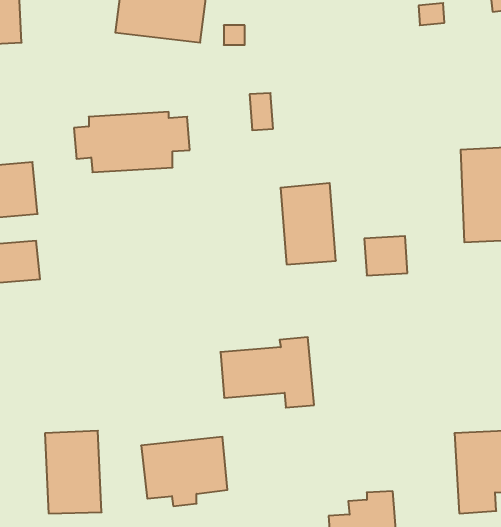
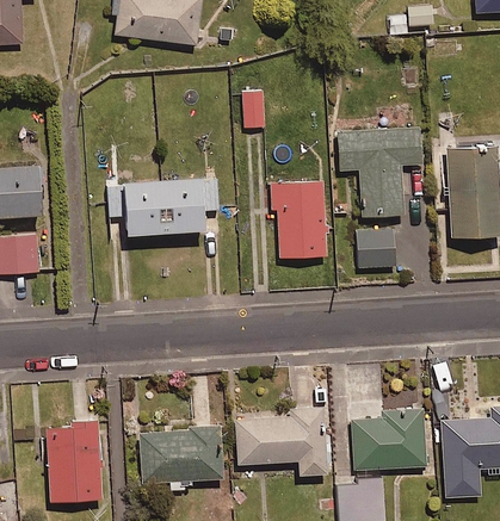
building: [74,112,190,172] -> [107,178,220,236]
building: none -> [338,126,420,217]
building: [220,337,314,408] -> [235,407,326,475]
building: none -> [353,407,426,471]

